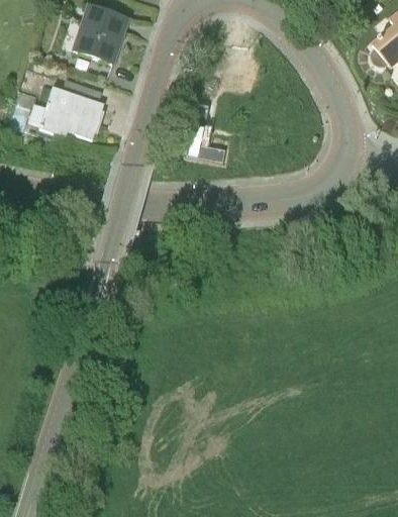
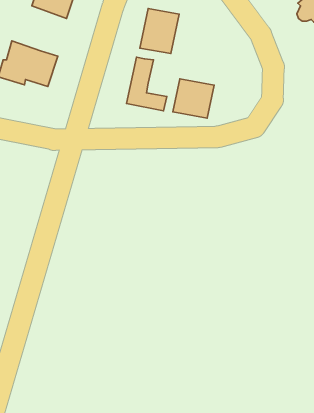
building: none -> [140,9,179,53]
building: none -> [173,79,214,118]

